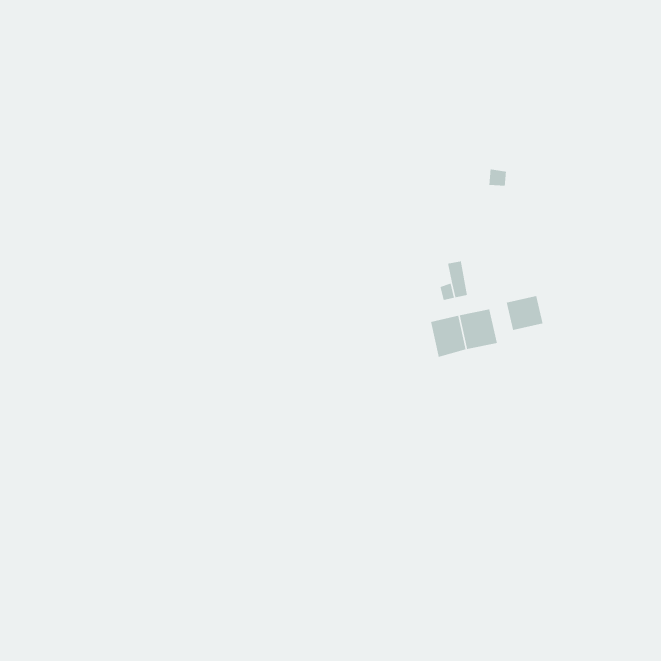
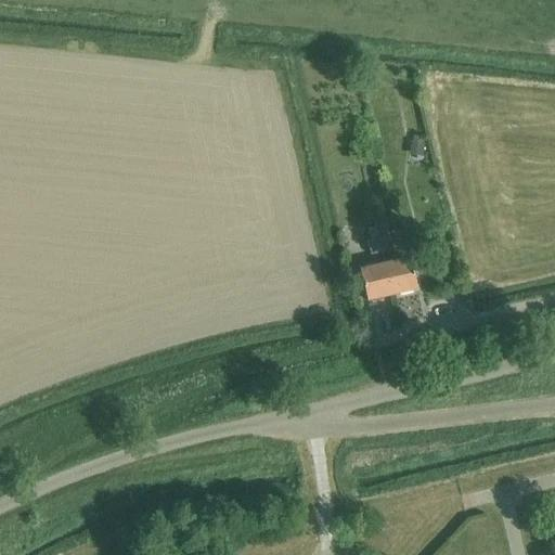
building: [506,295,544,331] -> none

